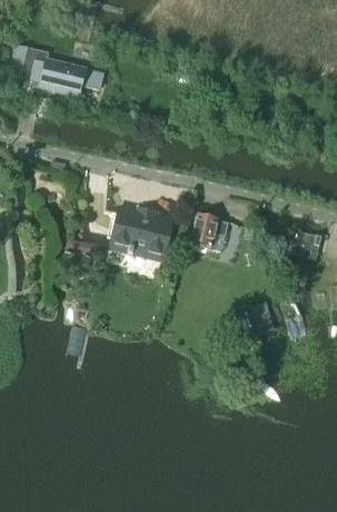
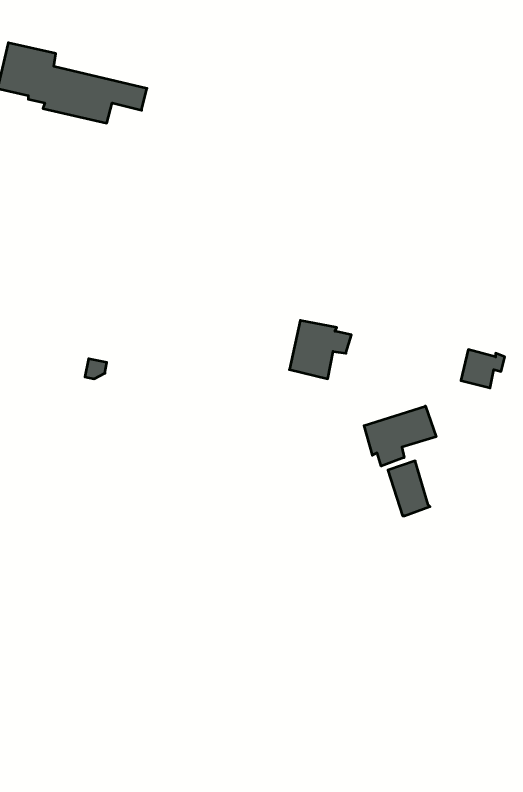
building: [110,207,172,259] -> none
building: none -> [364,406,436,466]

